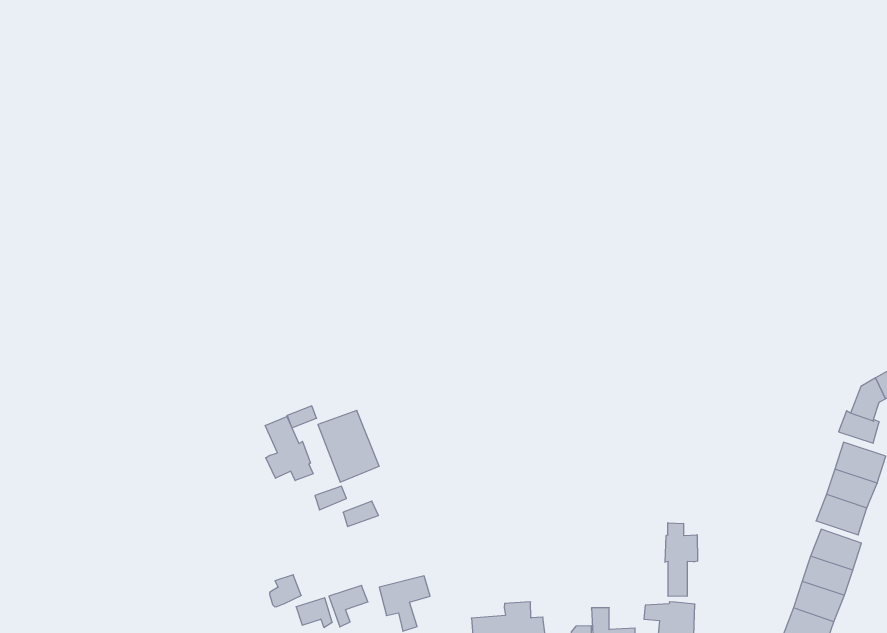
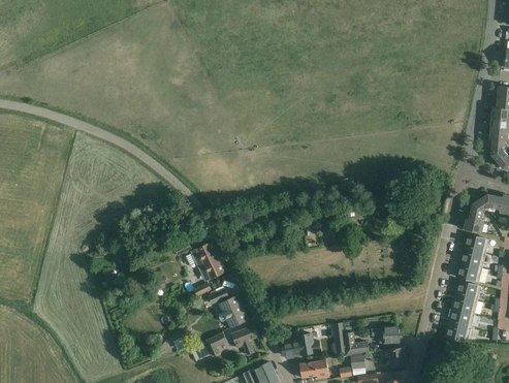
building: [265,416,313,481] -> none
building: none -> [219,295,249,328]
building: [665,523,697,596] -> none

